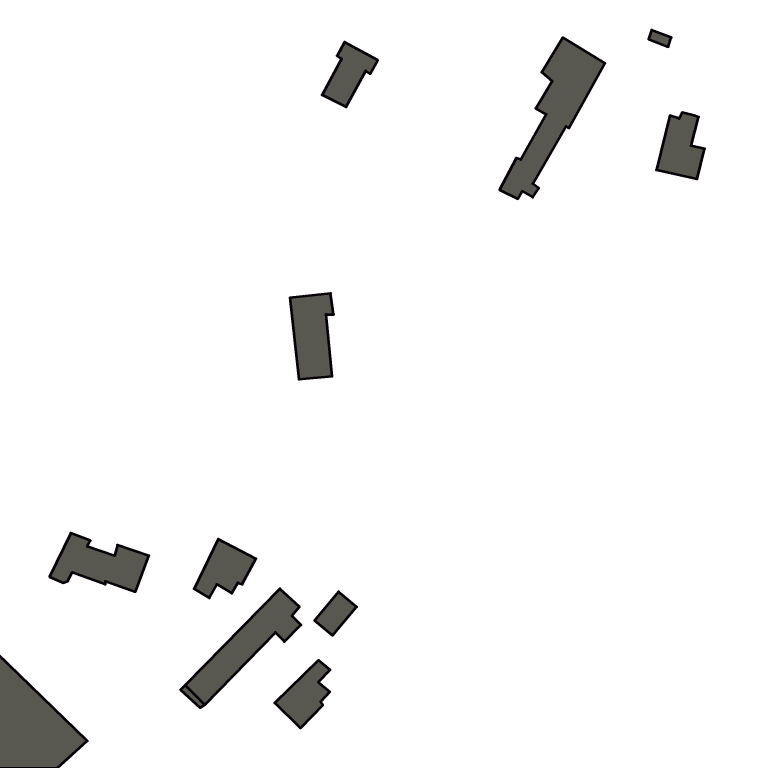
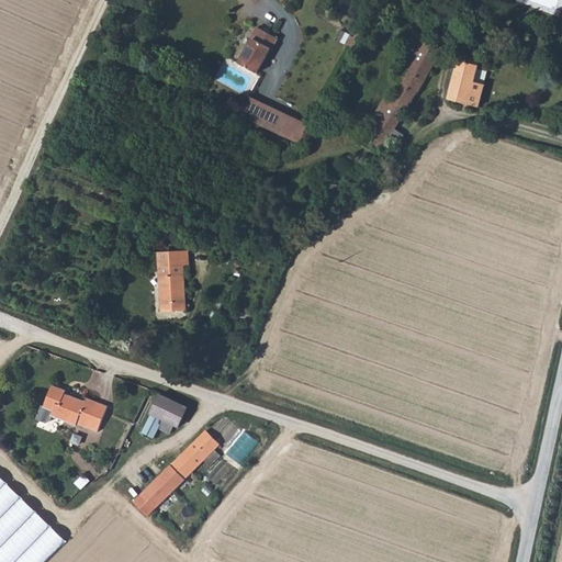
building: [656,113,705,179] -> [446,59,481,108]
building: none -> [238,97,308,145]
building: [290,293,334,379] -> [153,249,184,312]
building: [275,660,330,728] -> none

